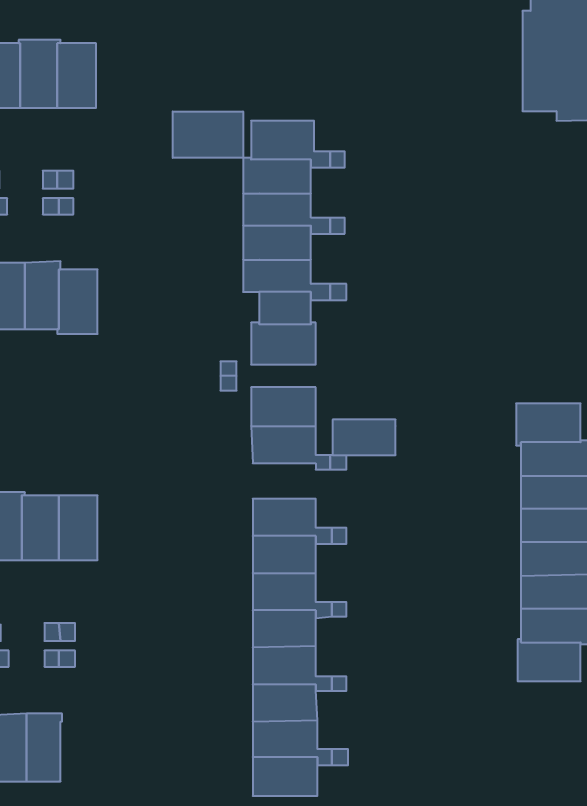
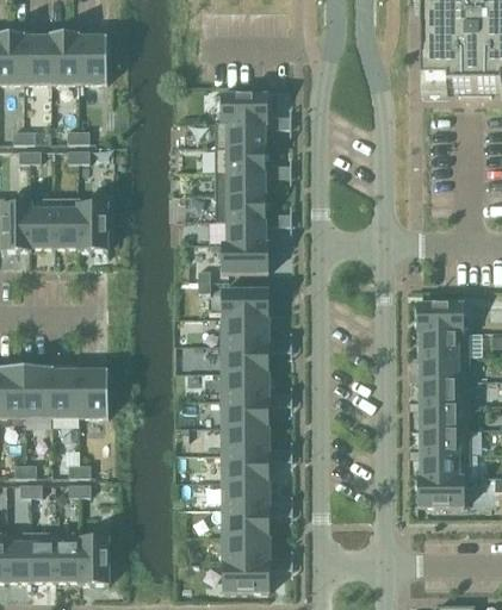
building: [173,111,243,158] -> none
building: [333,420,396,455] -> [222,346,268,372]
building: none -> [79,536,109,584]

